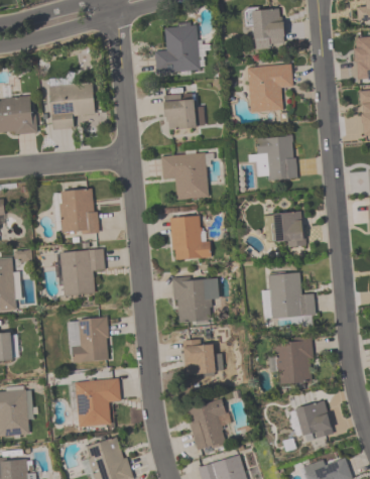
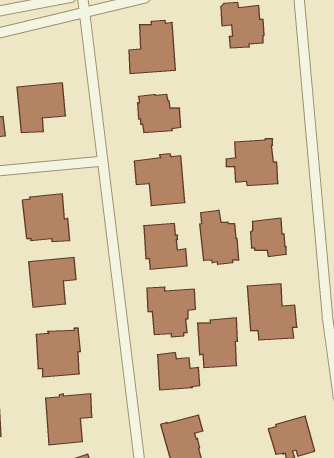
building: [247,64,292,112] -> none
building: none -> [200,210,238,265]
building: [274,336,313,383] -> [197,318,238,368]

